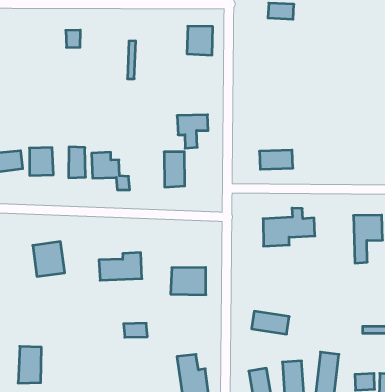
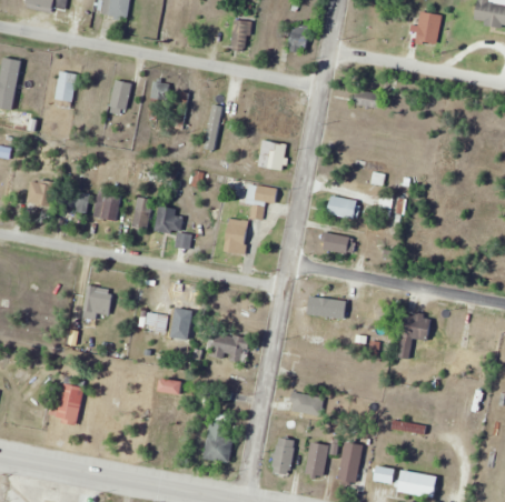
building: [187,26,213,55] -> [256,140,286,172]
building: none -> [108,80,131,111]
building: none -> [326,195,358,221]

